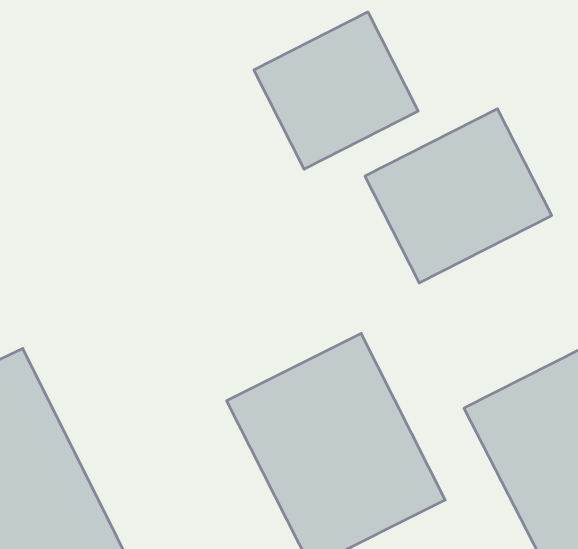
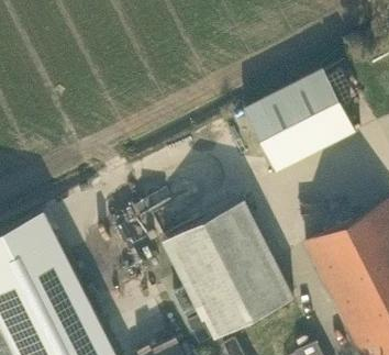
building: [254,12,418,169] -> none

